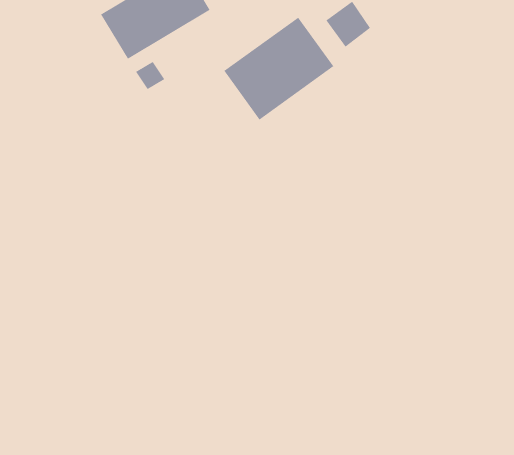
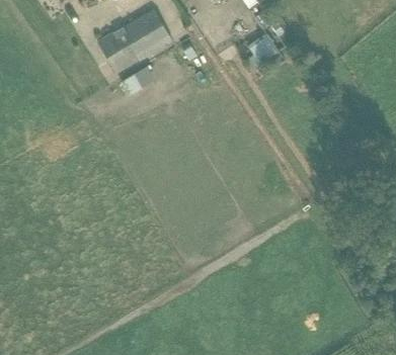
building: [224,17,334,120] -> none

